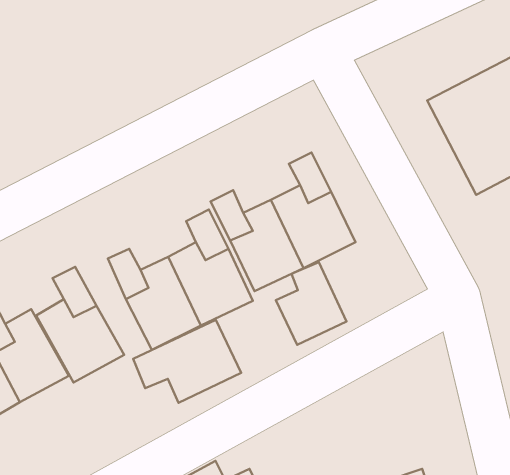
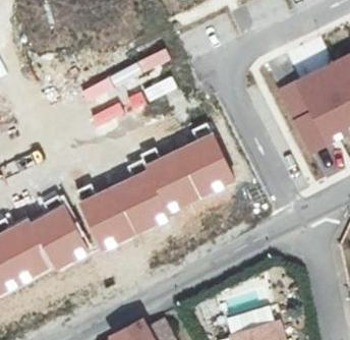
building: [276,262,346,345] -> none
building: [133,320,241,403] -> none

